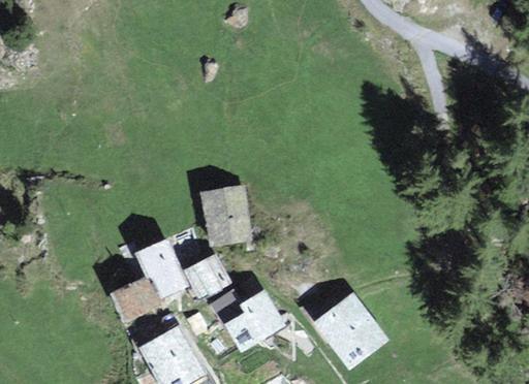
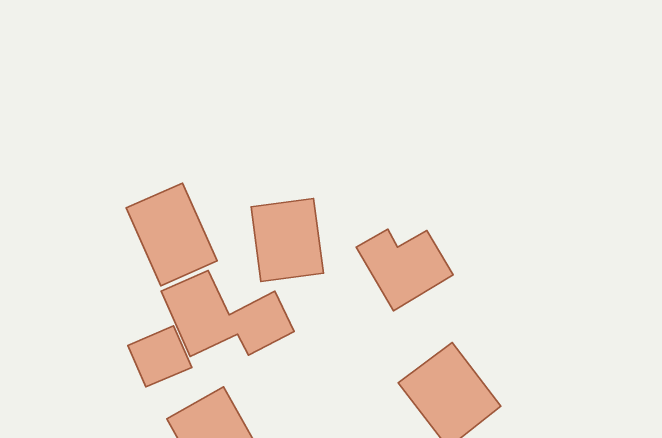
building: none -> [126,183,217,286]
building: [211,289,283,350] -> [356,229,453,311]

